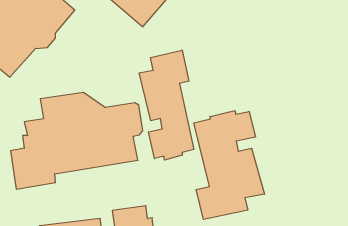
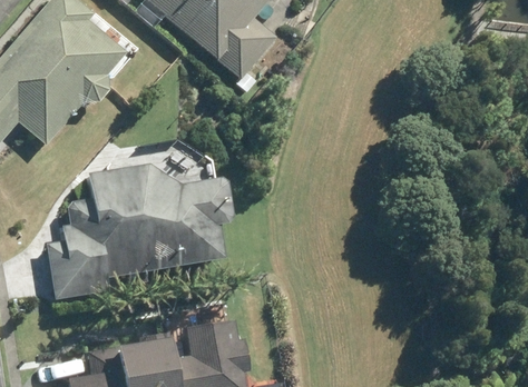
building: [139,50,194,160] -> none
building: [194,111,264,219] -> none

